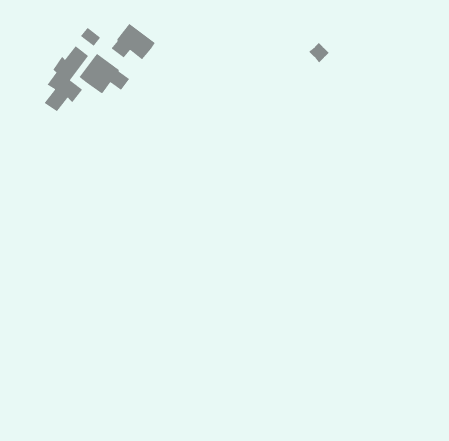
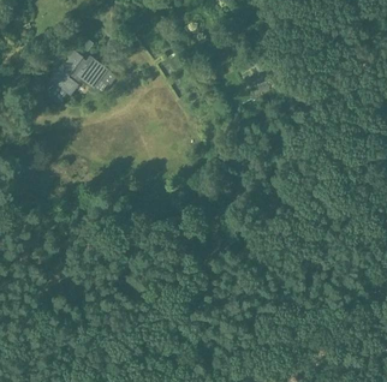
building: [111,23,156,60] -> none

